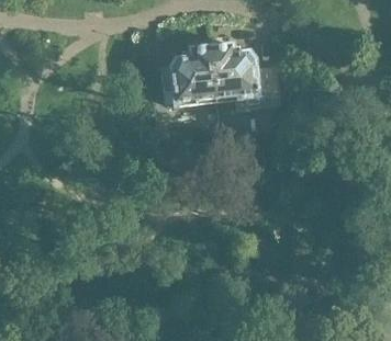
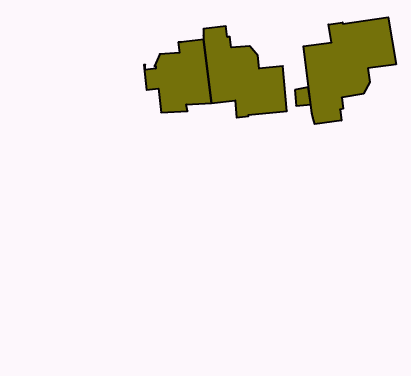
building: none -> [303,17,396,124]

